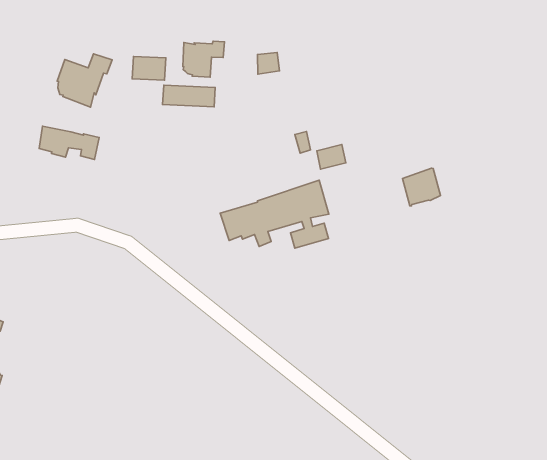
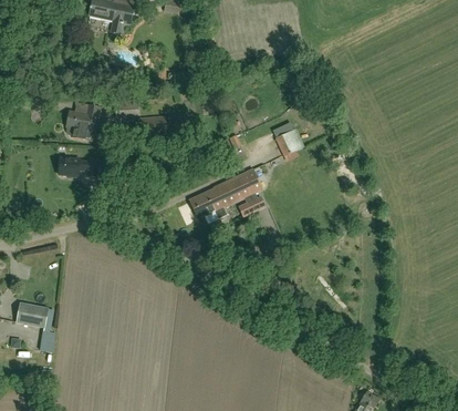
building: [183,41,225,77] -> none
building: [402,168,441,206] -> [274,127,302,155]

